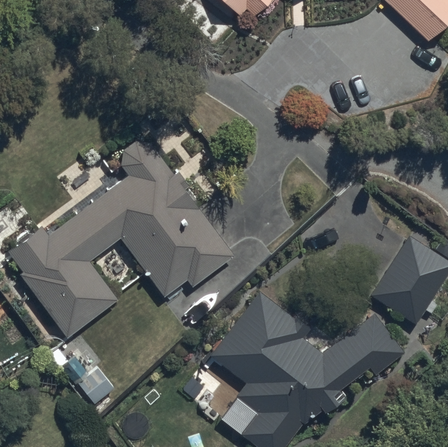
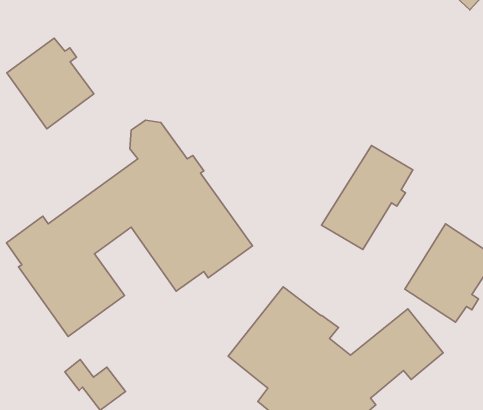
building: none -> [7,38,94,129]
building: none -> [322,146,413,249]

